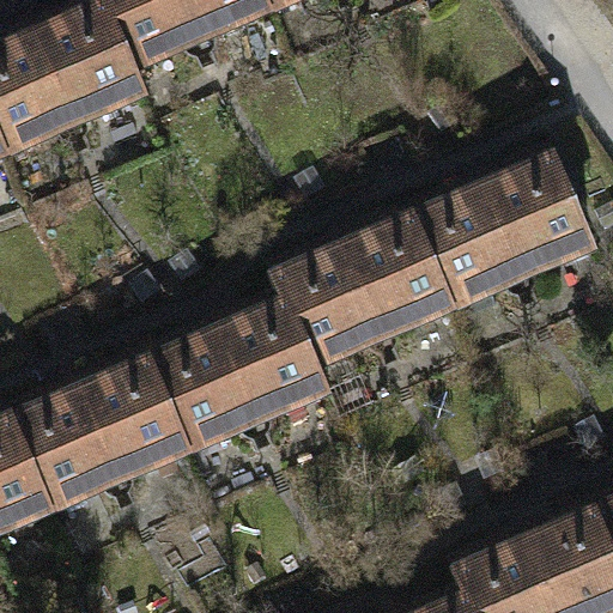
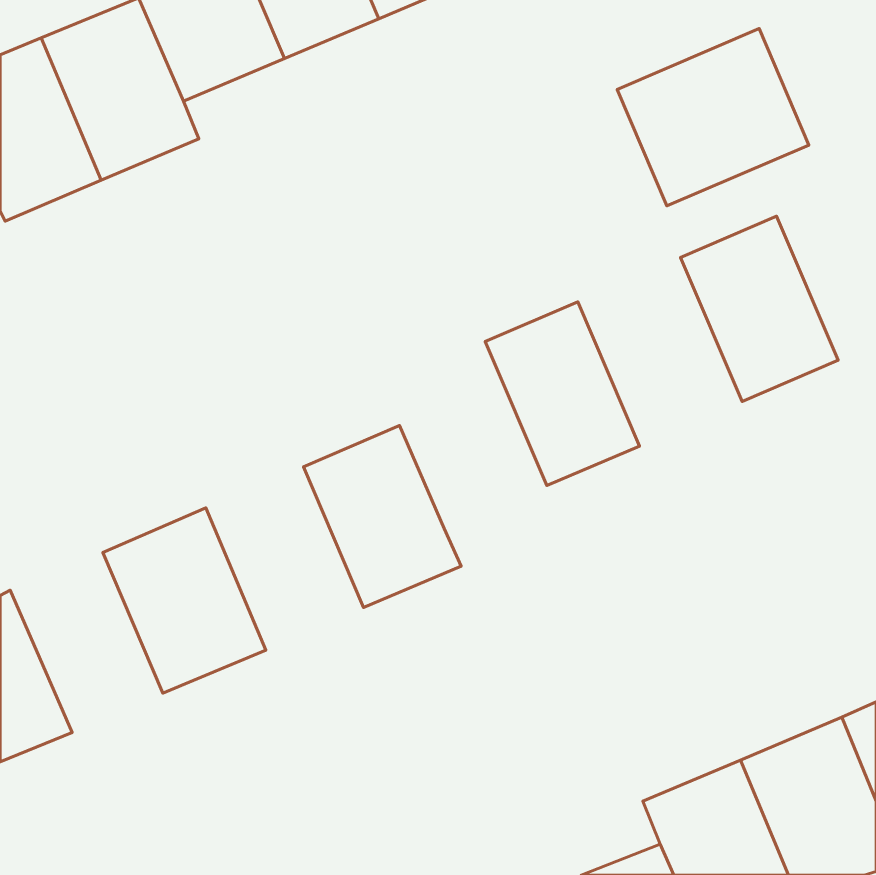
building: none -> [617,28,809,206]
building: [403,180,518,311] -> none
building: [267,238,382,369] -> none
building: [144,326,254,454] -> none
building: [7,386,114,511] -> none

